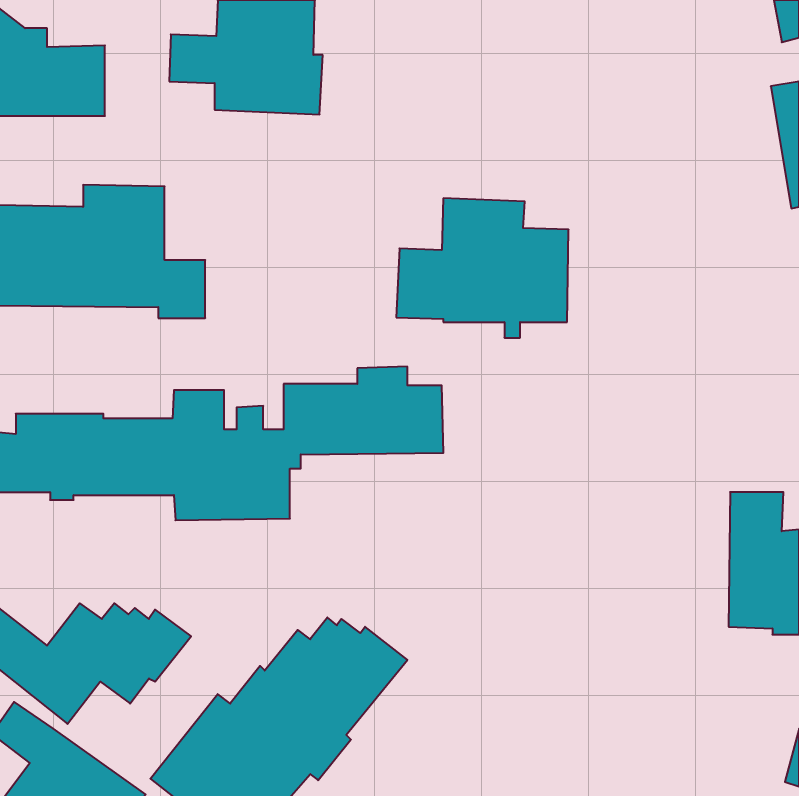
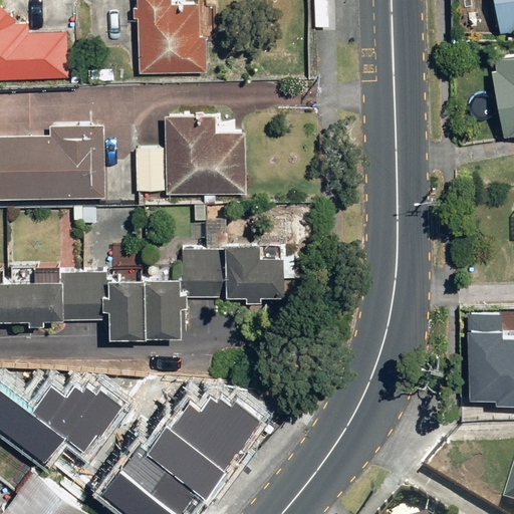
building: [396,198,569,338] -> [137,113,247,203]

